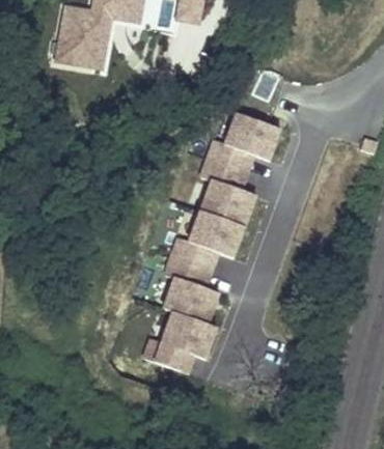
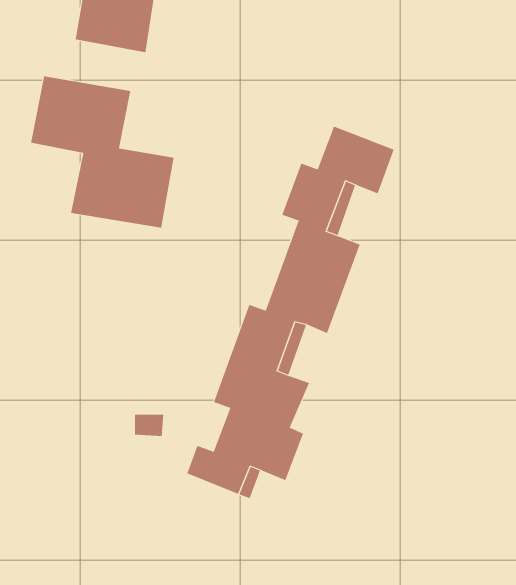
building: none -> [31,75,174,228]

